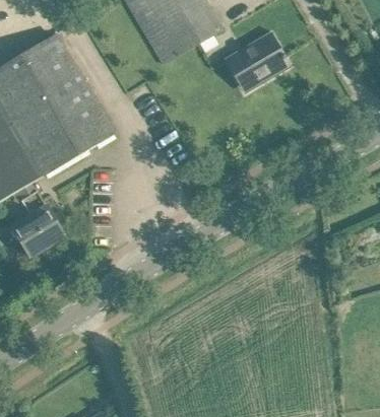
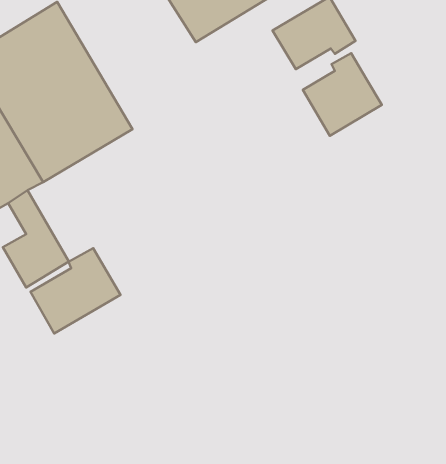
building: none -> [303,53,382,136]
building: none -> [30,248,120,333]

